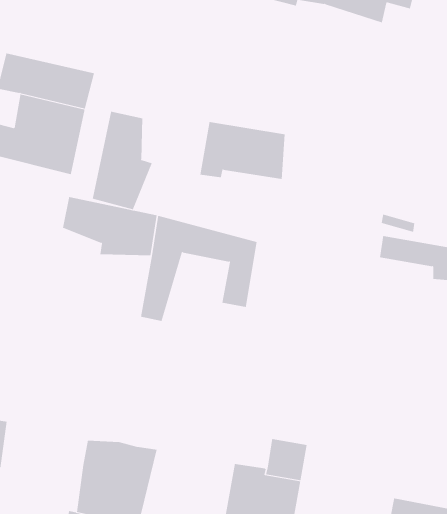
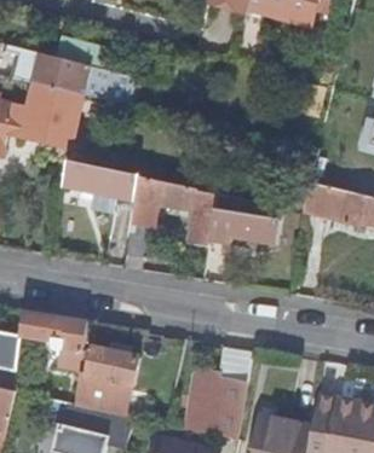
building: [92,111,153,210] -> none
building: [200,122,285,179] -> [209,198,276,243]
building: none -> [30,312,87,367]

